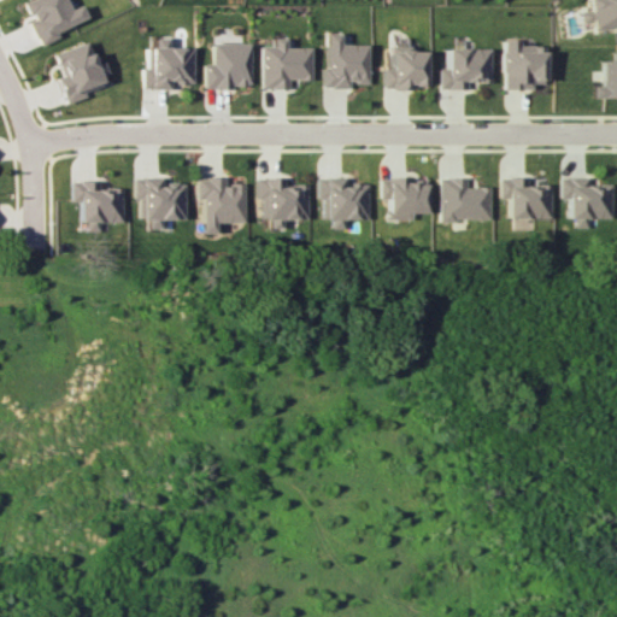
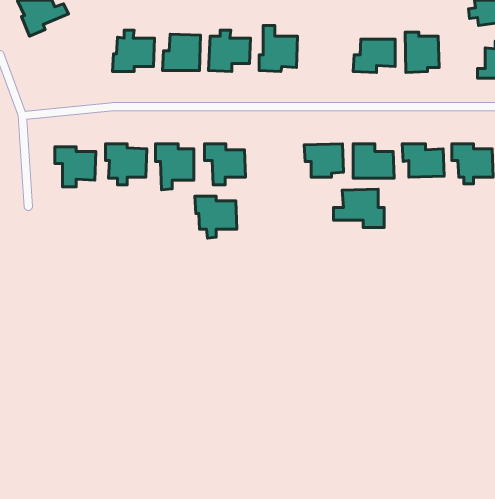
building: [58,43,111,104] -> none
building: [387,46,430,89] -> none
building: [318,178,370,230] -> [195,196,237,238]
building: none -> [334,189,384,227]

